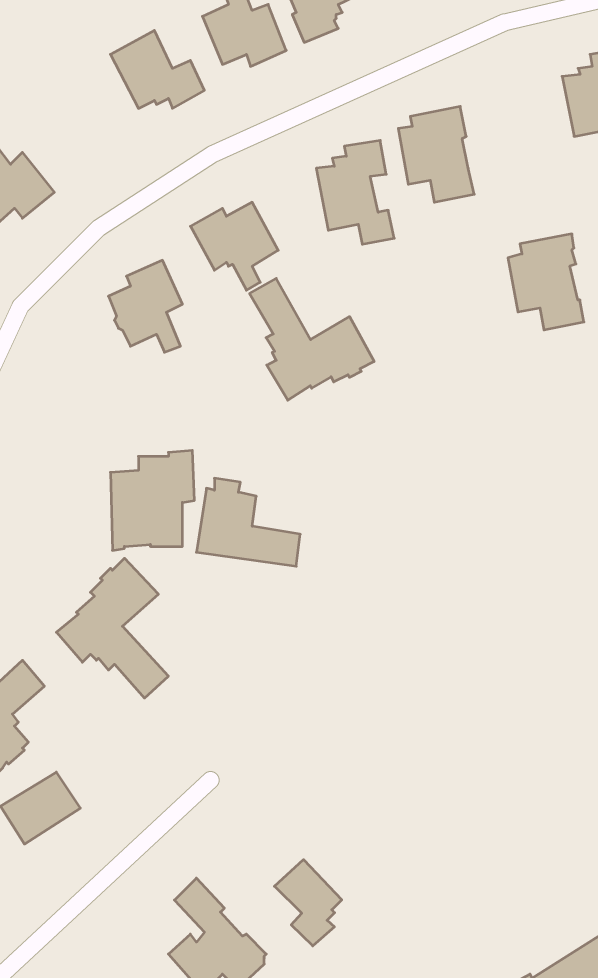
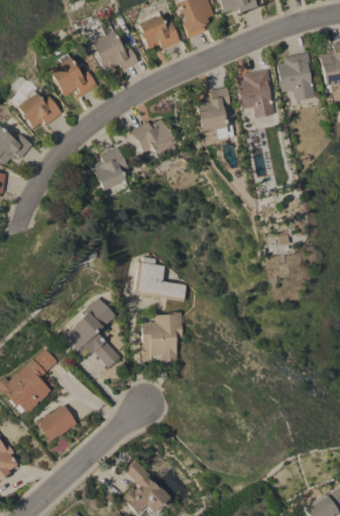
building: none -> [49,53,99,99]
building: [508,234,584,330] -> [277,52,316,101]
building: [250,278,374,400] -> none
building: [110,450,194,550] -> [141,311,184,362]
building: [274,860,342,946] -> none

